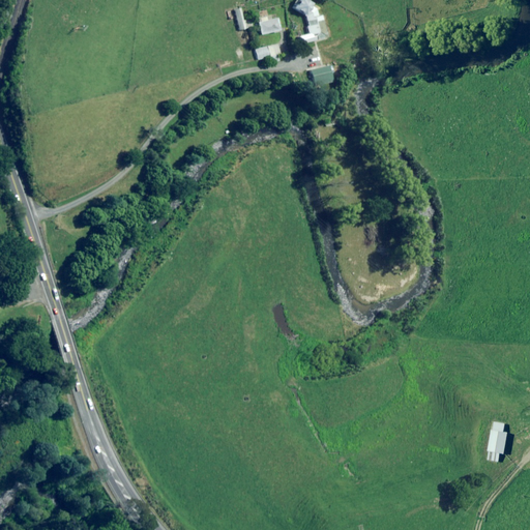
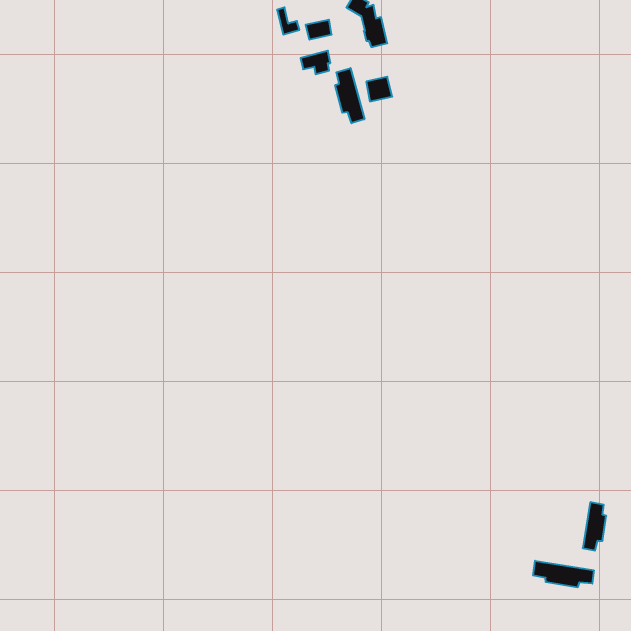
building: none -> [335,68,364,123]
building: none -> [533,561,594,587]

